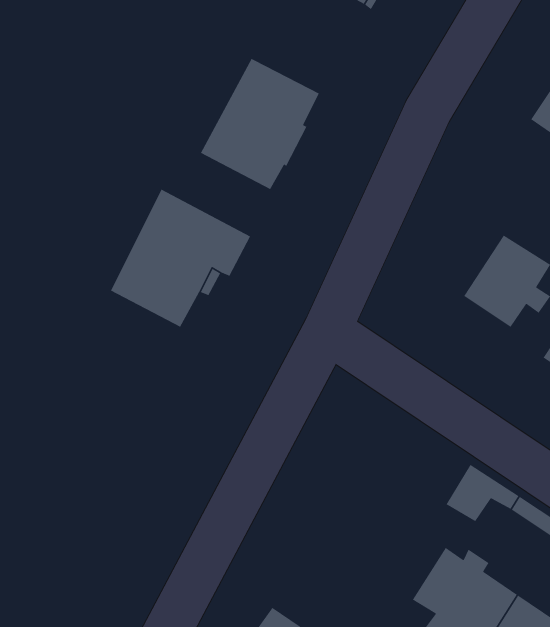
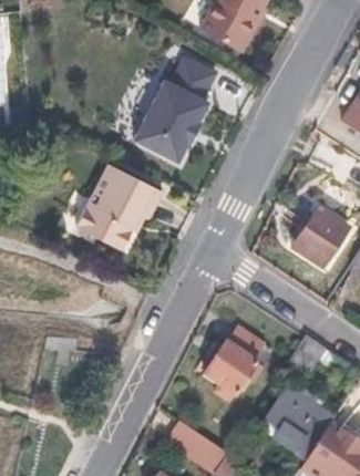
building: none -> [168,55,217,101]
building: none -> [205,330,270,404]

